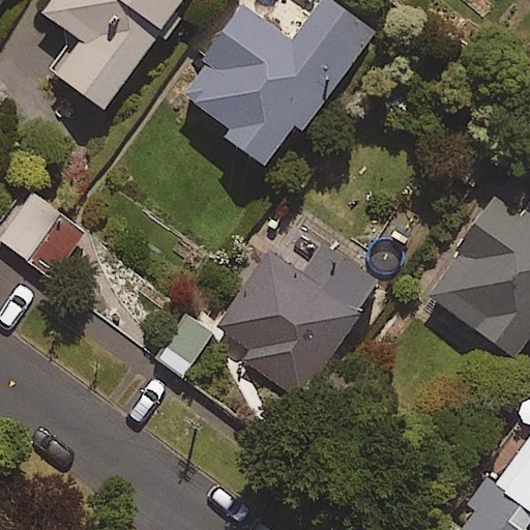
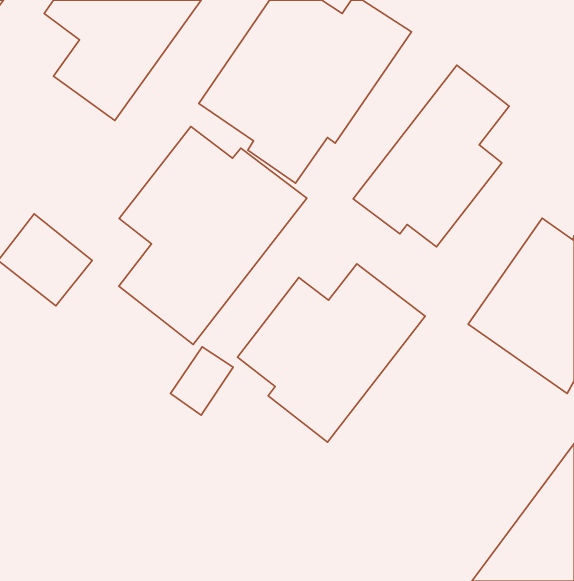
building: none -> [353,65,509,247]
building: none -> [119,127,307,344]

